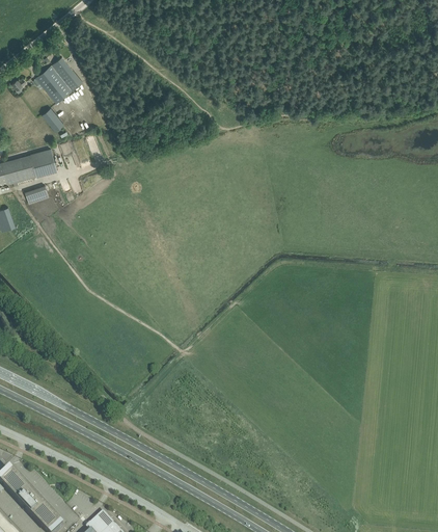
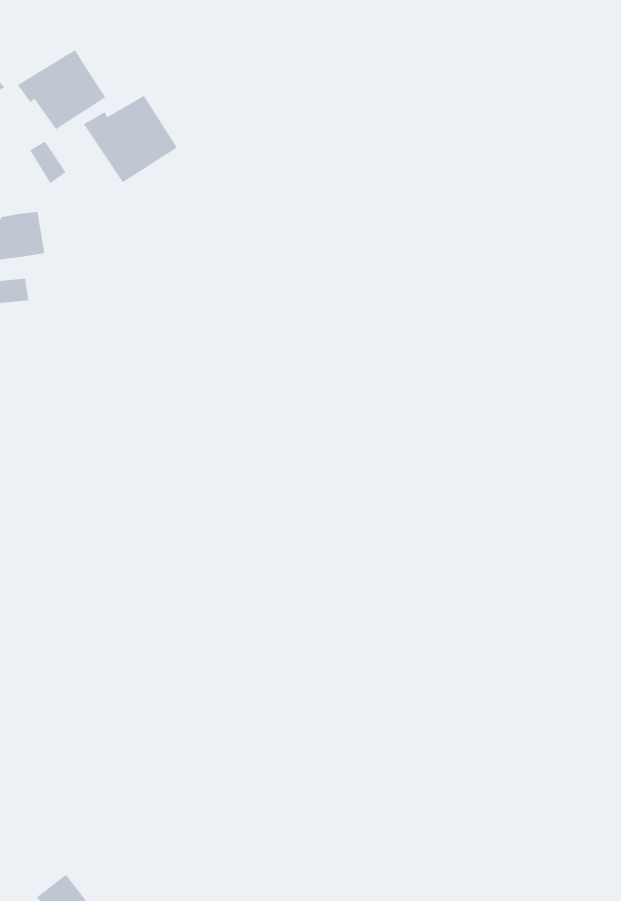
building: none -> [83,95,178,183]

